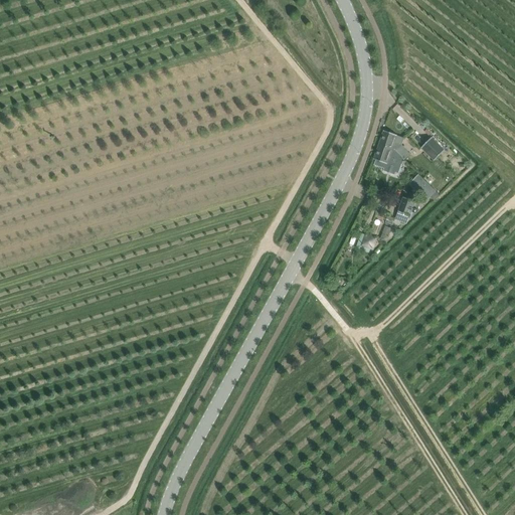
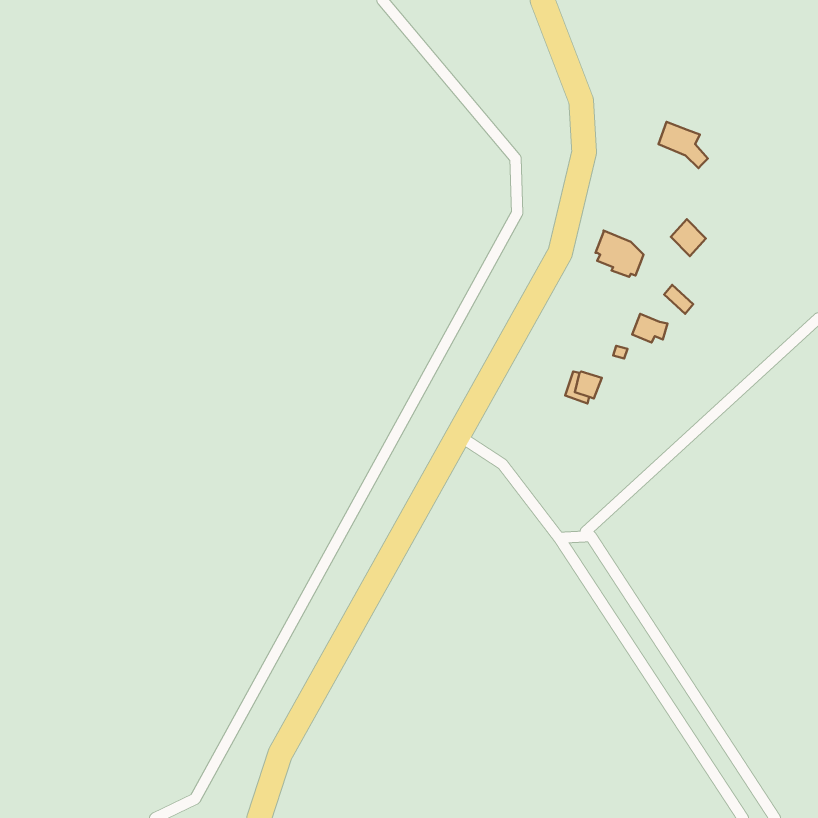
building: [379,131,410,160] -> [658,122,708,168]

